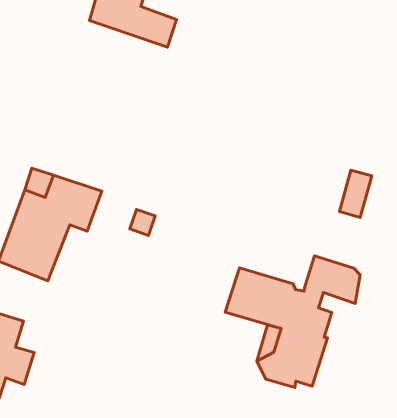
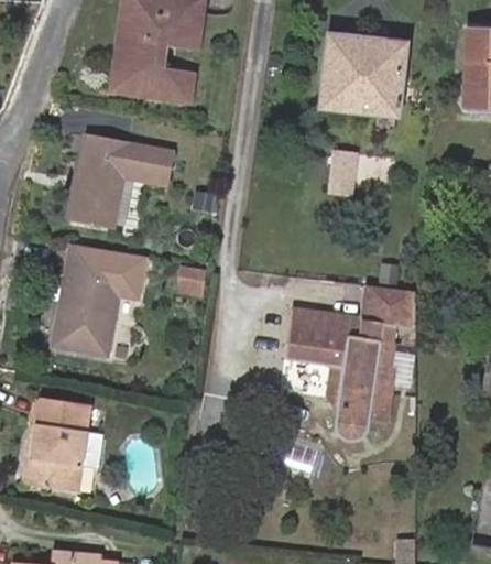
building: none -> [326,32,408,109]
building: none -> [66,144,157,234]
building: [339,170,372,217] -> [332,147,359,193]

